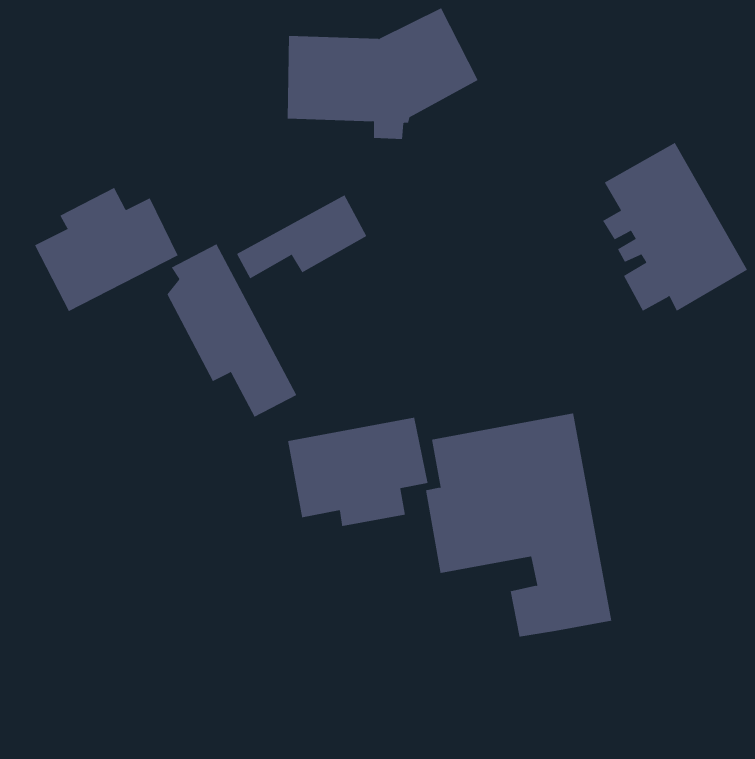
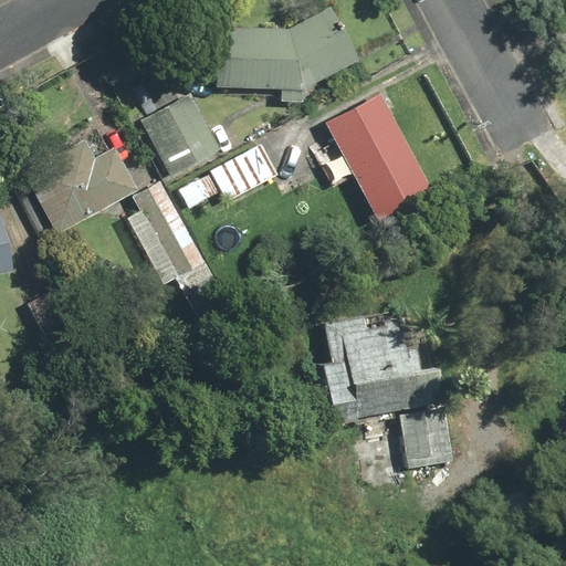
building: none -> [140,93,220,176]
building: [602,142,748,312] -> [323,93,431,219]
building: [287,417,428,527] -> none

